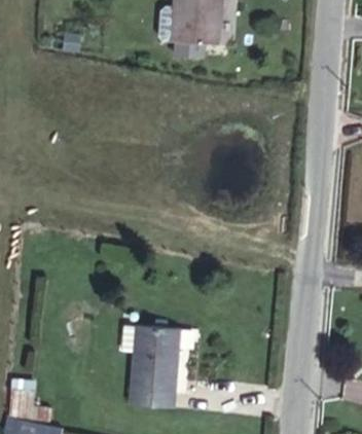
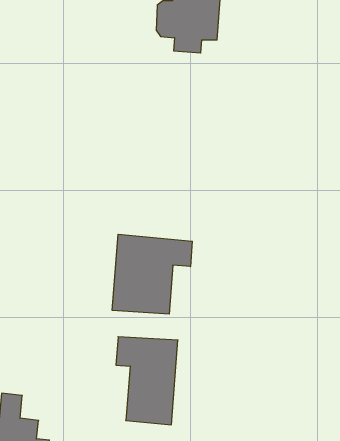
building: none -> [112,234,192,314]

